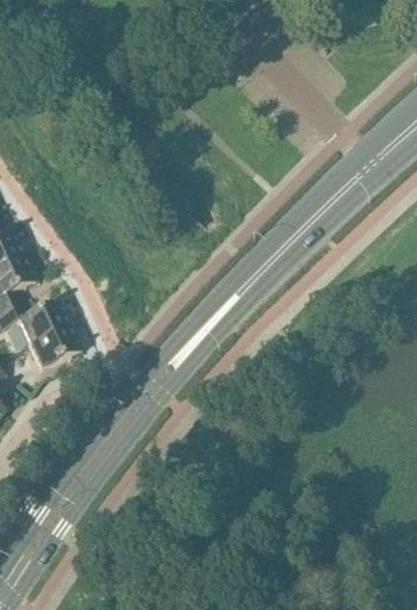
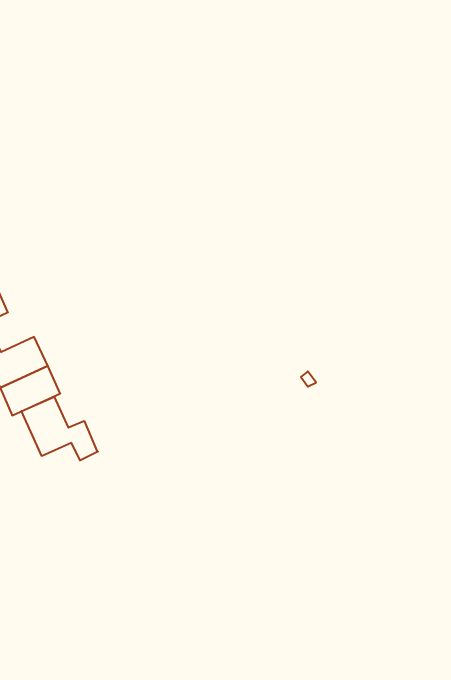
building: none -> [21,397,98,460]

